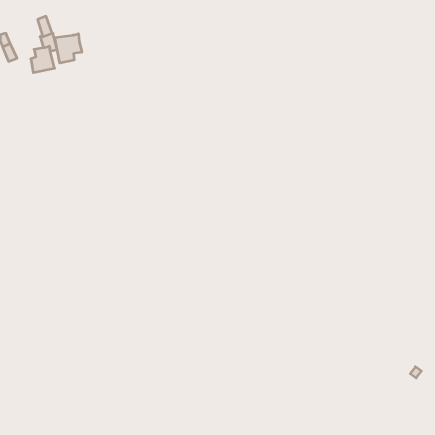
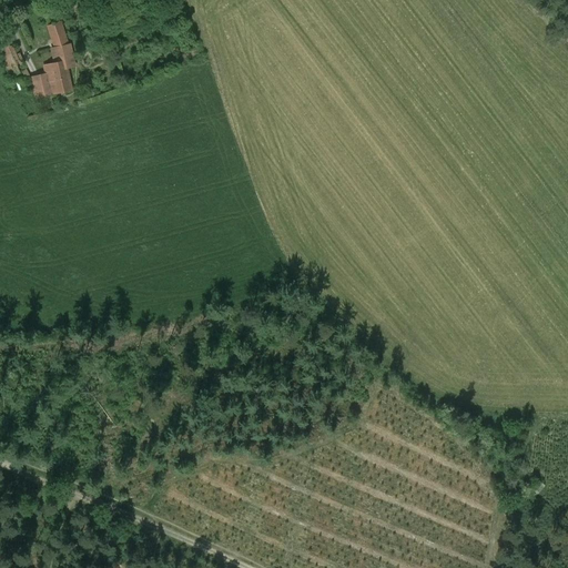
building: [55,34,82,63] -> none

